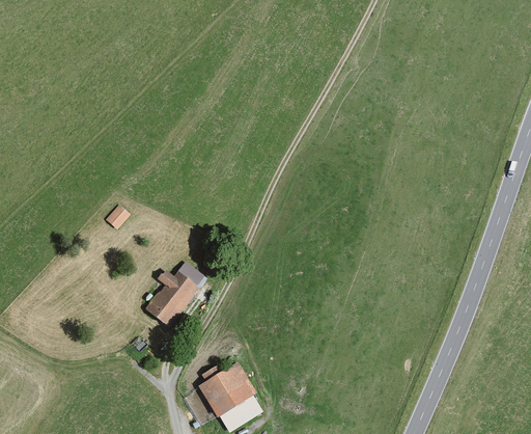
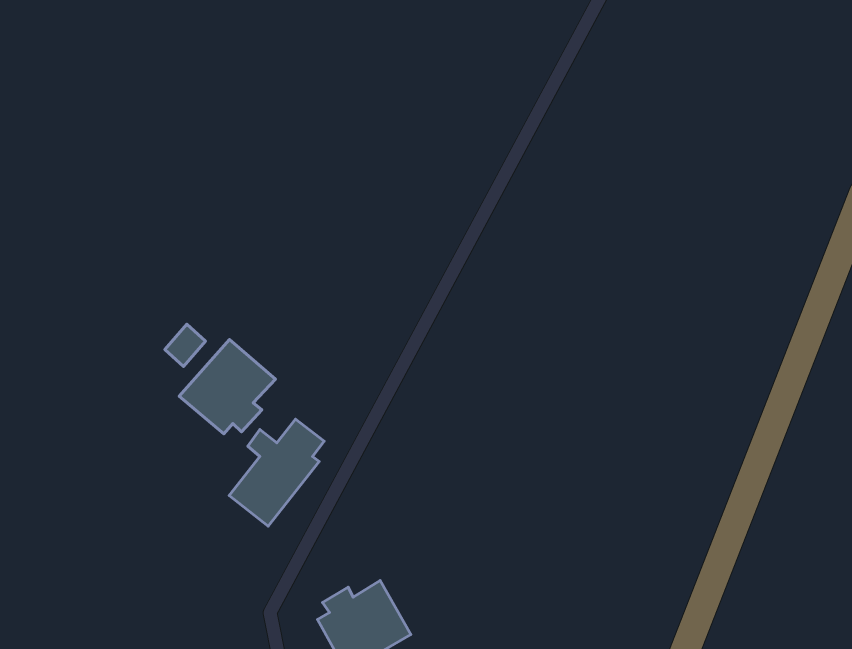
building: none -> [179,339,275,434]

